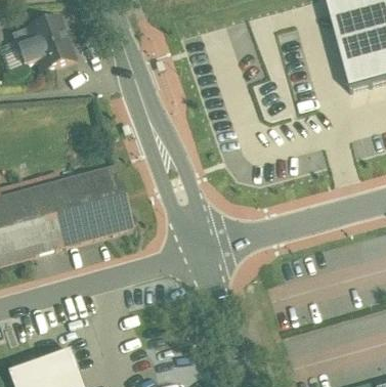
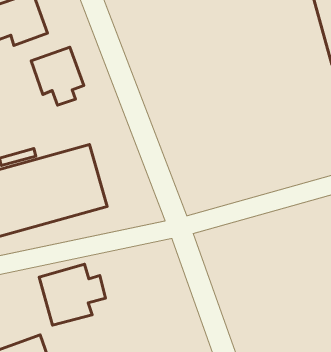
building: none -> [31,47,84,105]
building: none -> [39,264,106,325]

